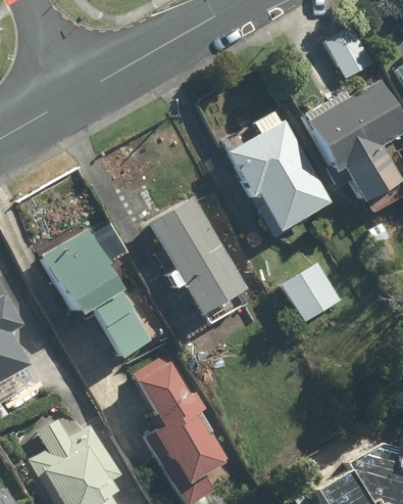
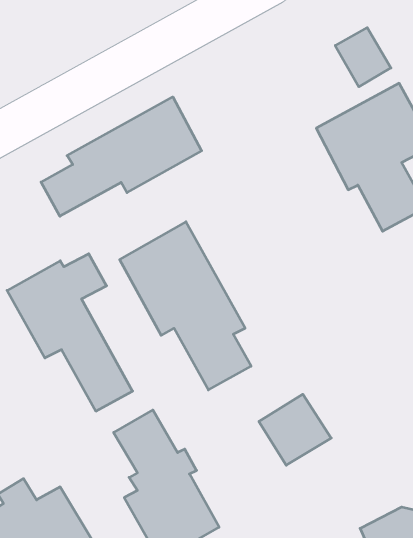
building: none -> [41,97,202,216]
building: [228,120,331,230] -> none
building: [279,262,341,323] -> [259,394,331,465]

